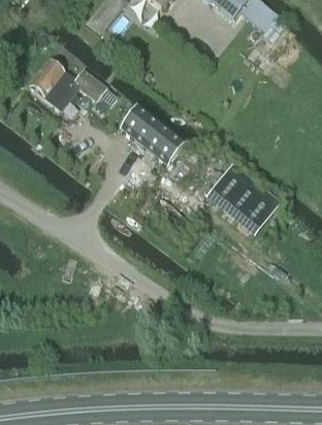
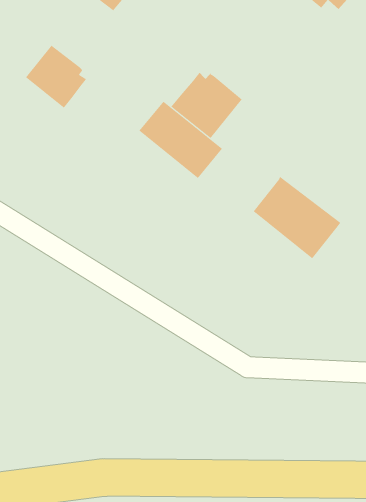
building: [72,68,106,101] -> none
building: none -> [171,71,243,139]

